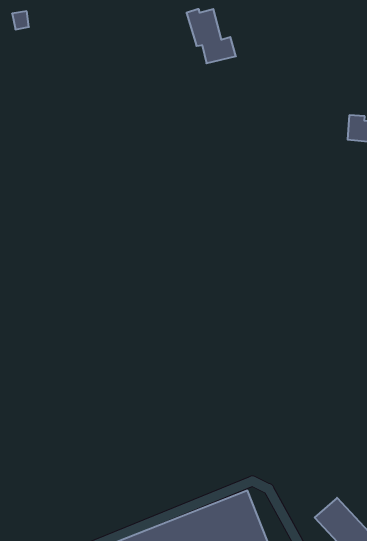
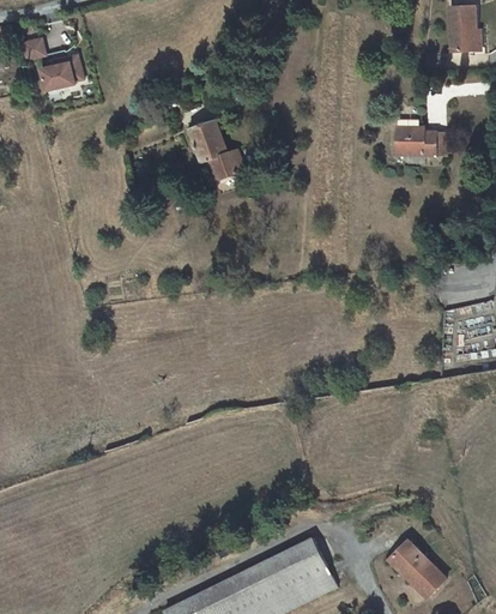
building: [186,9,236,63] -> [187,120,243,179]
building: none -> [40,55,83,90]

